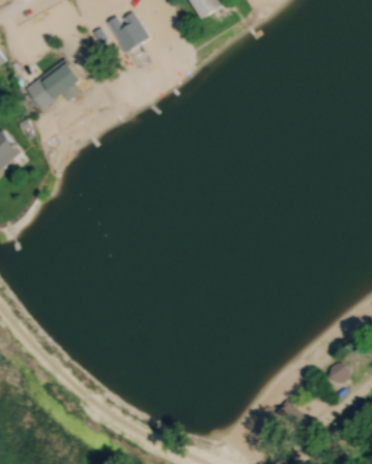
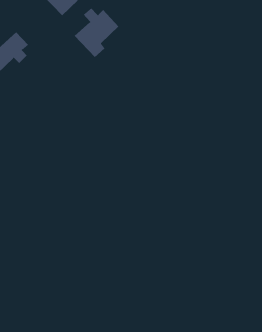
building: none -> [74,7,119,58]

